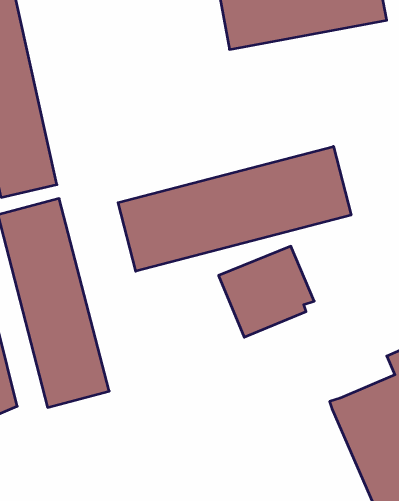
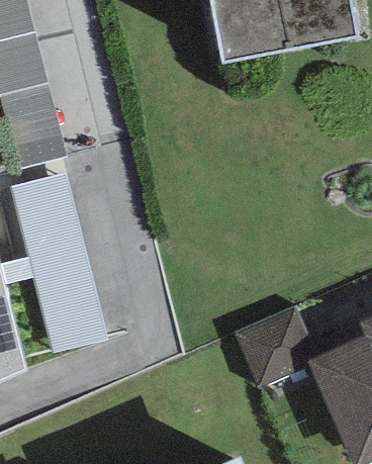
building: [118,146,351,271] -> none
building: [219,246,314,337] -> [230,308,313,387]

